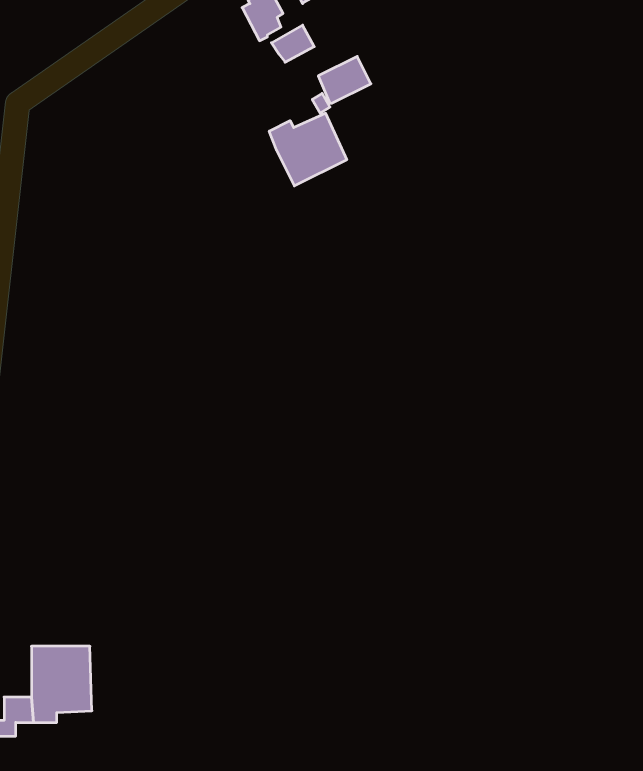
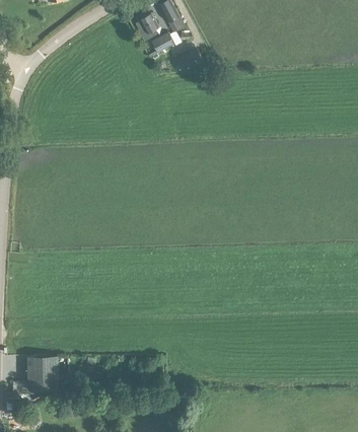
building: [269,113,347,186] -> none

